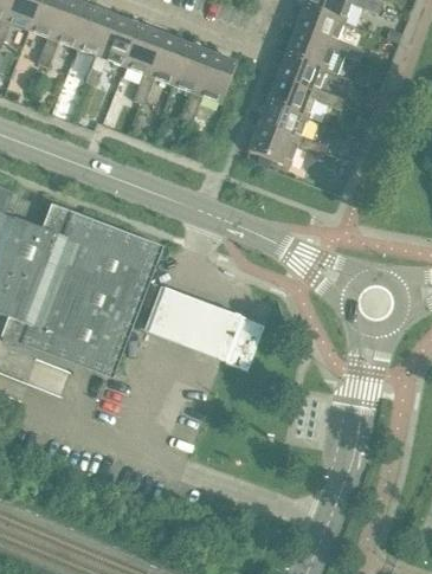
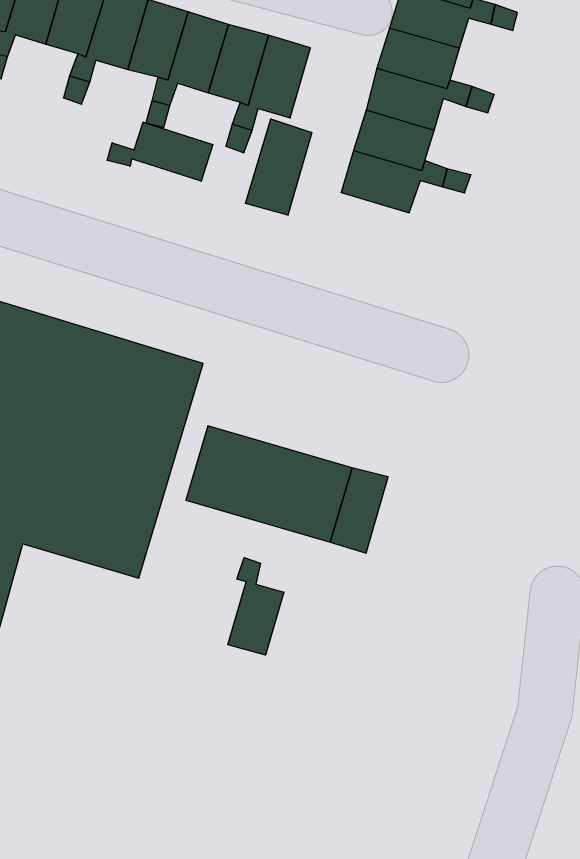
building: none -> [107,122,213,181]
building: none -> [246,119,312,215]
building: none -> [228,558,284,655]

